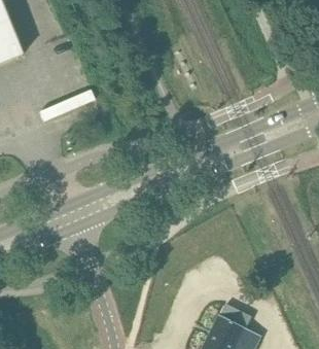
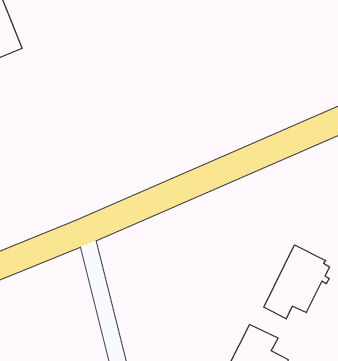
building: none -> [264,245,330,319]

